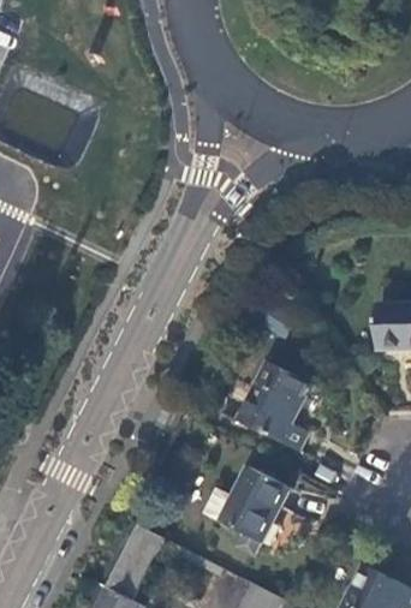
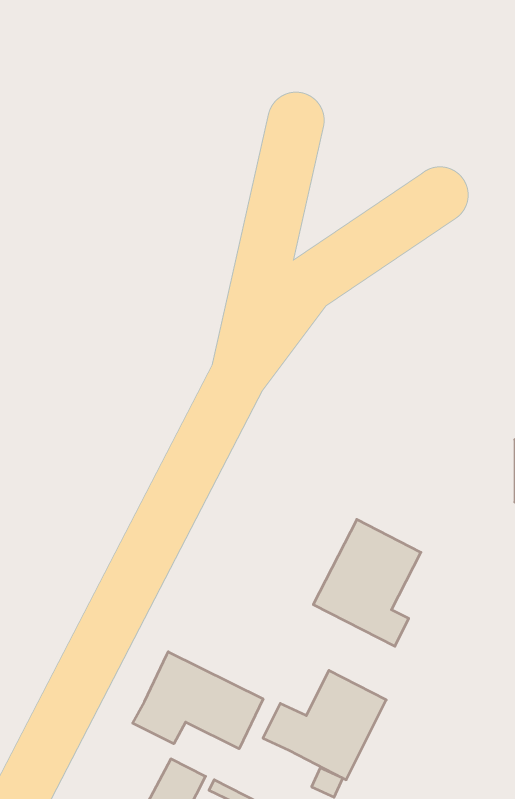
building: none -> [133,652,263,749]

